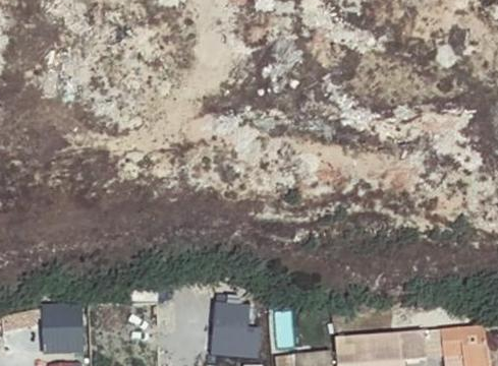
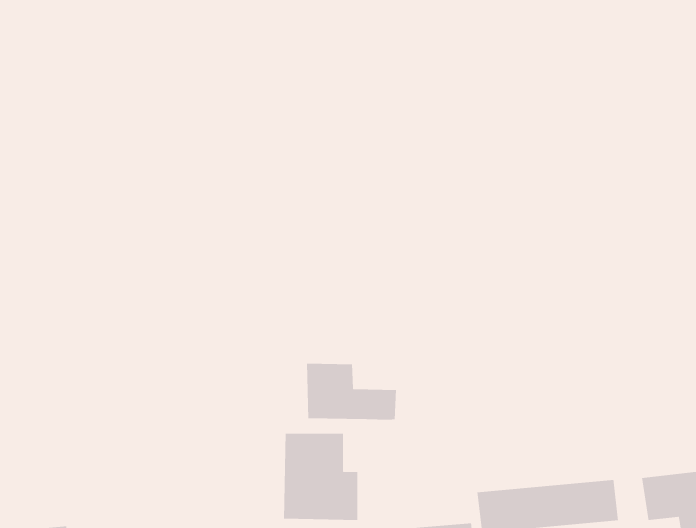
building: none -> [306,363,397,420]
building: [44,301,85,353] -> none

